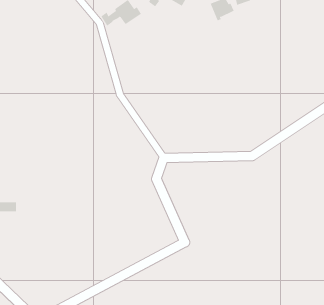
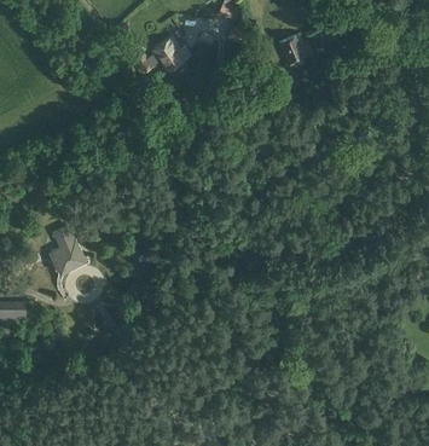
building: none -> [50,225,86,273]

